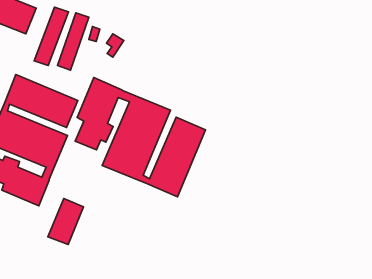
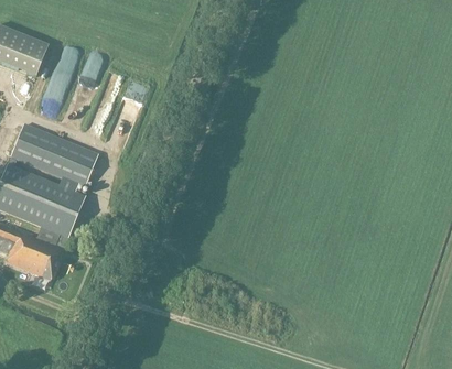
building: [75,77,206,197] -> none
building: [48,198,84,245] -> none

